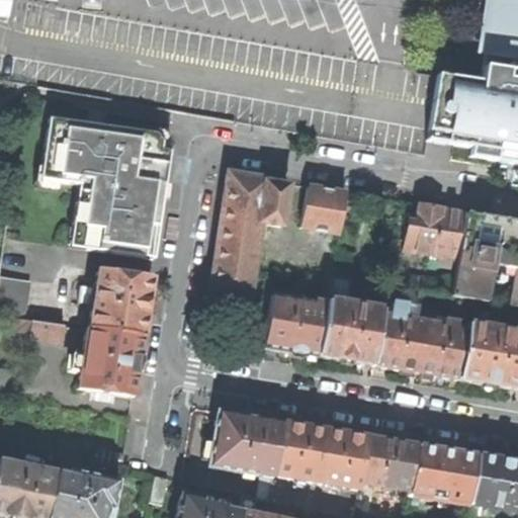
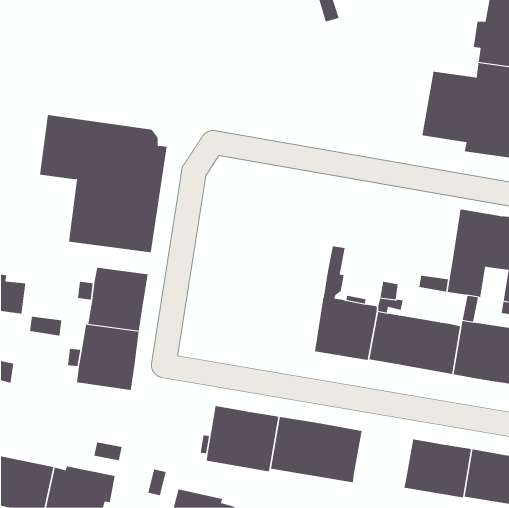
building: [212,170,291,299] -> none
building: [299,184,348,236] -> none
building: [407,203,467,256] -> none
building: [266,292,329,354] -> none
building: [361,434,420,488] -> none

